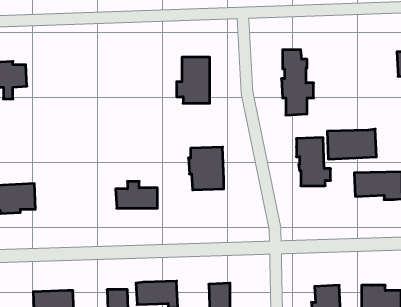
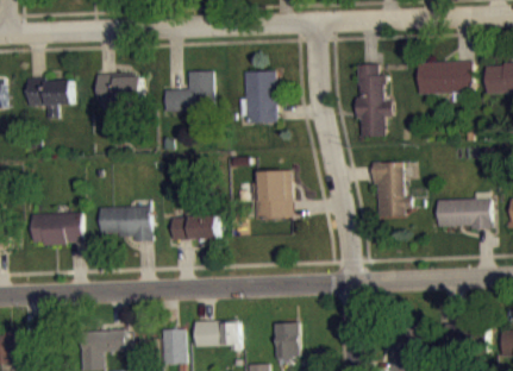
building: none -> [164,71,213,112]
building: none -> [96,73,142,103]
building: [327,129,376,159] -> [417,61,471,94]
building: none -> [98,206,150,241]

